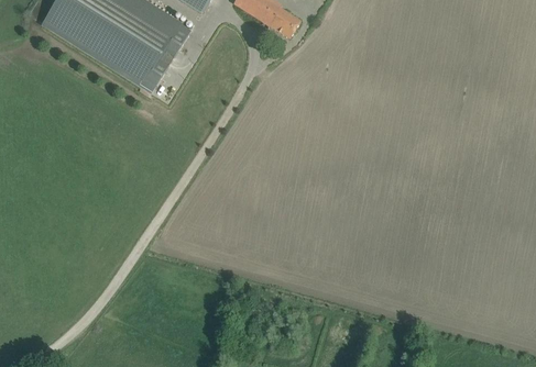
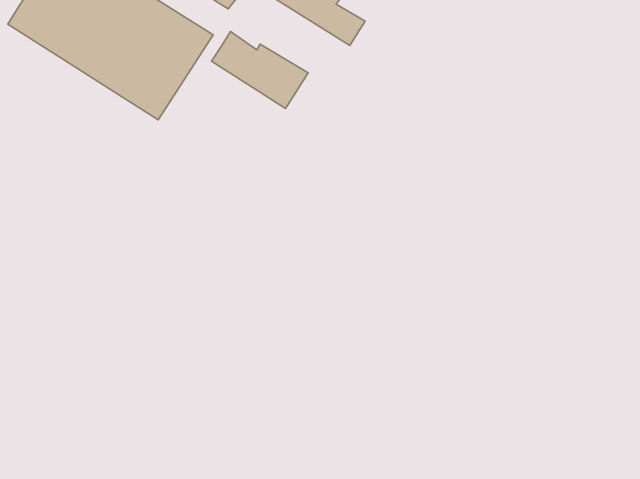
building: none -> [212,31,308,108]

